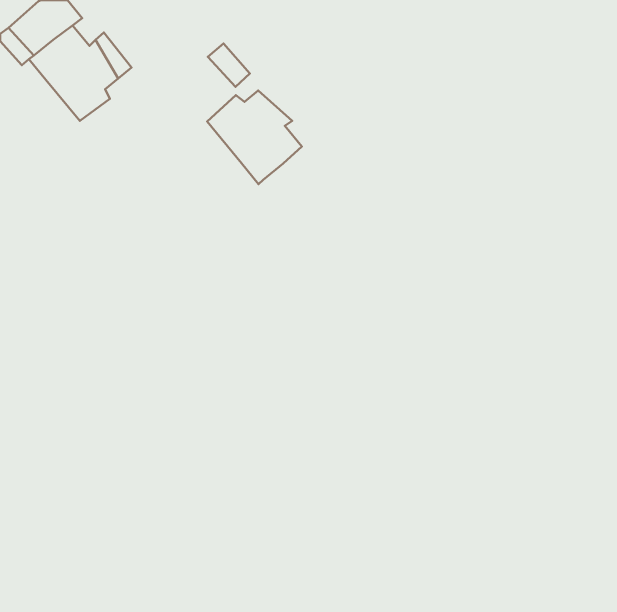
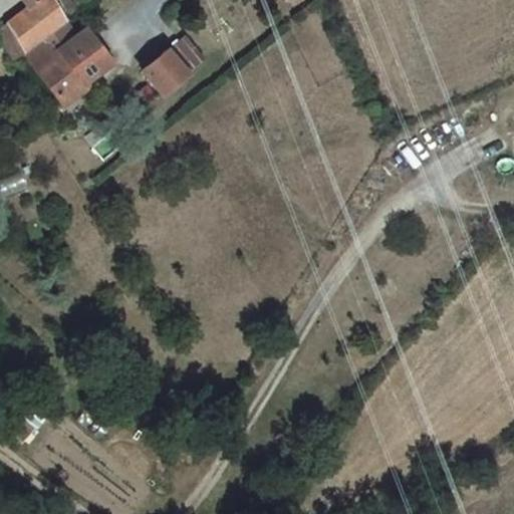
building: none -> [140,47,185,92]
building: [207,90,302,184] -> none

